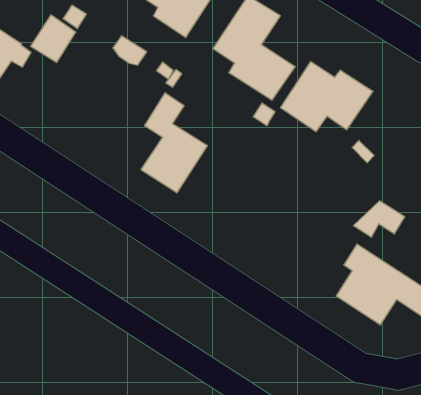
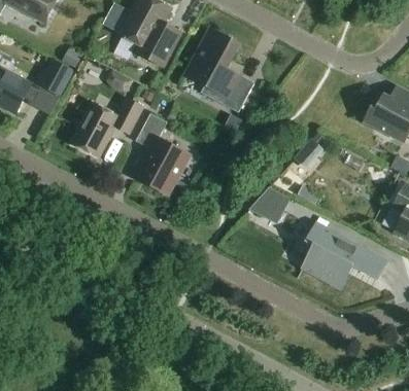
building: [281,62,373,132] -> none
building: none -> [71,98,143,156]
building: [353,201,405,237] -> [249,187,291,217]

